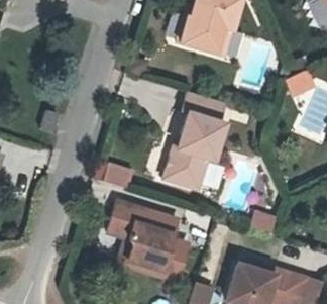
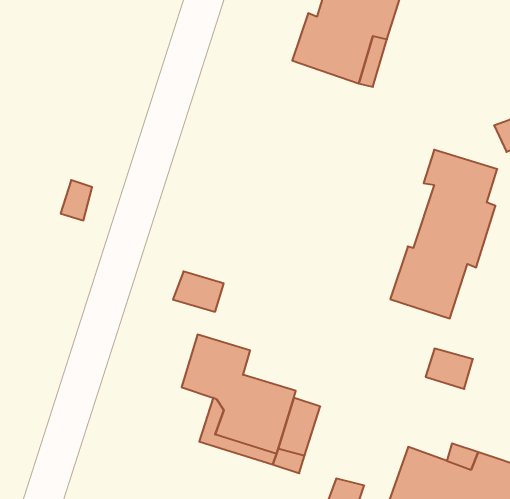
building: [165,92,226,189] -> [390,150,497,318]

